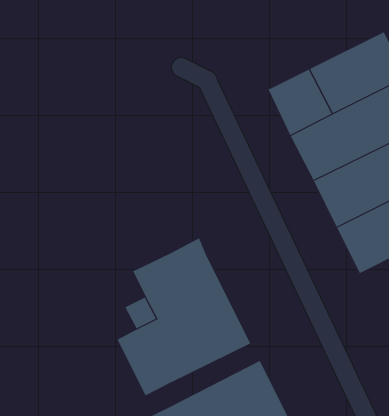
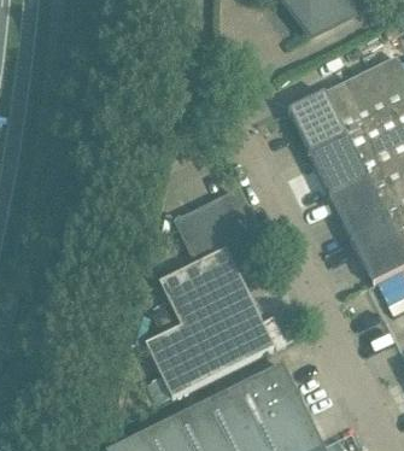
building: none -> [175,189,263,265]

